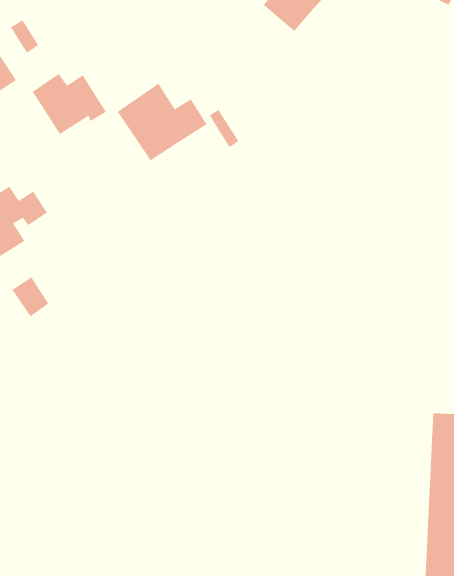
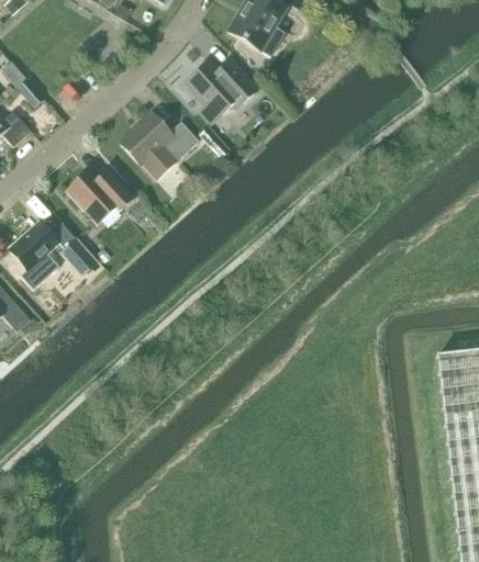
building: none -> [186,59,258,123]
building: [32,73,107,135] -> [67,169,134,224]
building: [12,276,49,317] -> [59,238,93,273]

